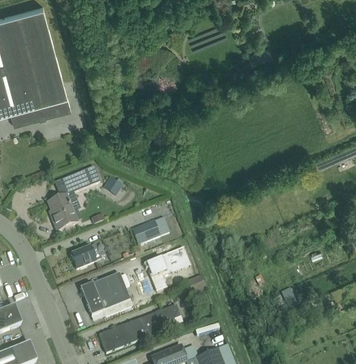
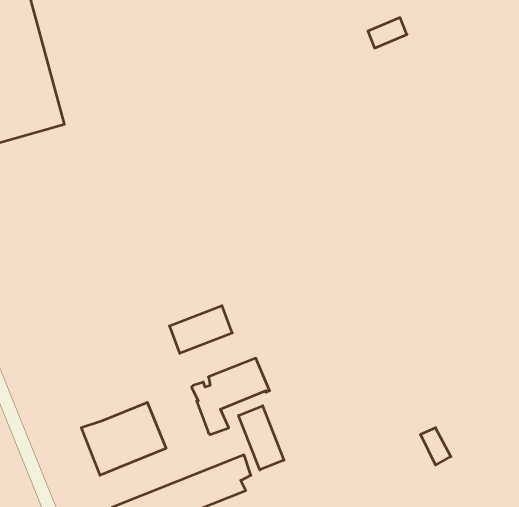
building: [48,166,100,231] -> none
building: [70,245,100,268] -> none
building: none -> [239,406,284,470]

